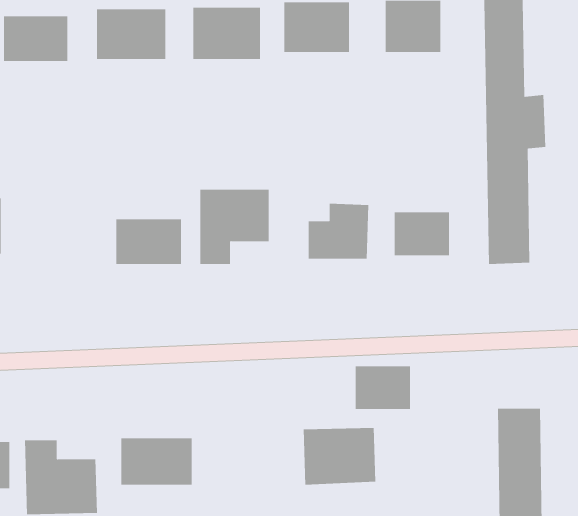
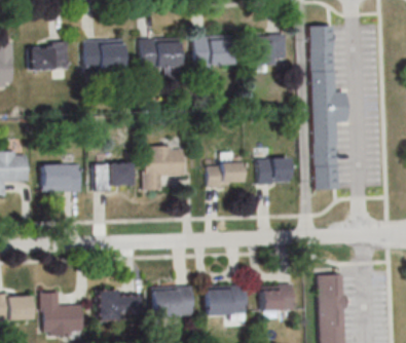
building: none -> [41,164,81,191]
building: [355,366,411,410] -> [261,284,294,310]
building: none -> [151,287,193,316]

